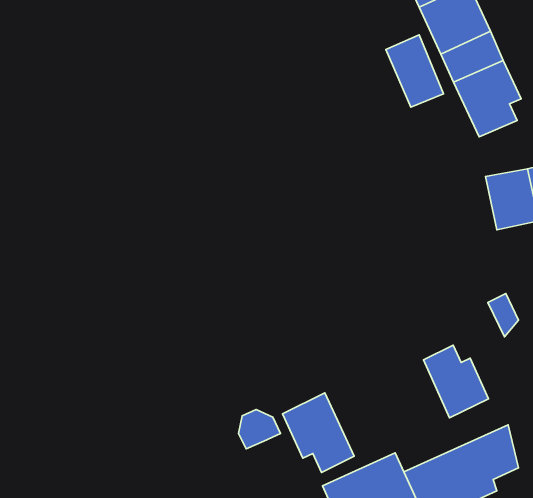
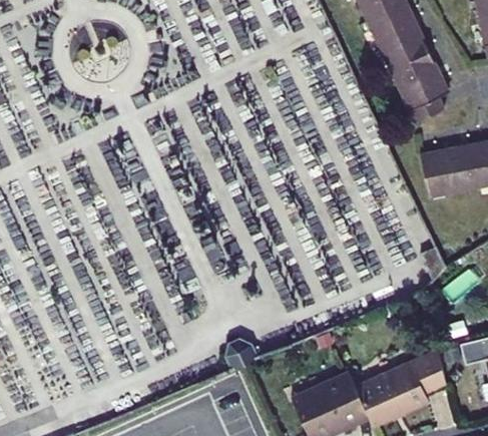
building: [386,35,443,107] -> none
building: [423,345,488,418] -> none
building: [282,393,354,473] -> none

